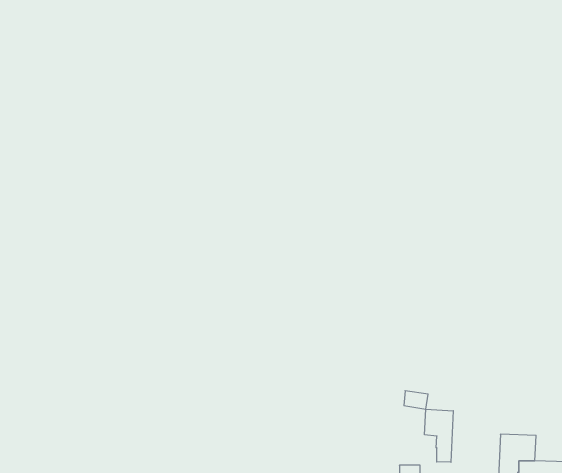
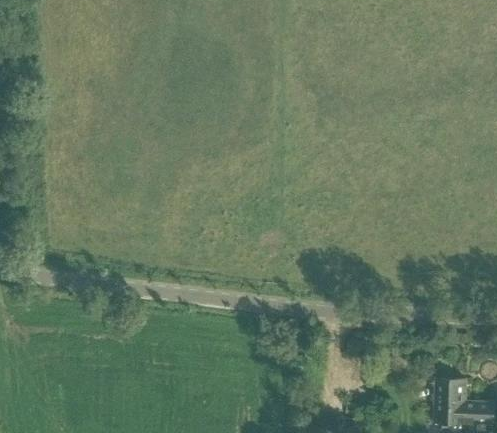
building: [425,409,453,462] -> none

